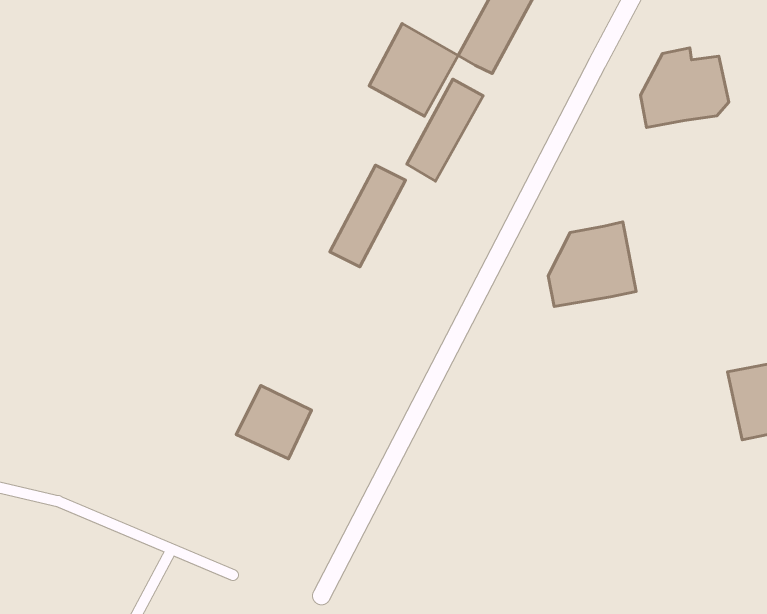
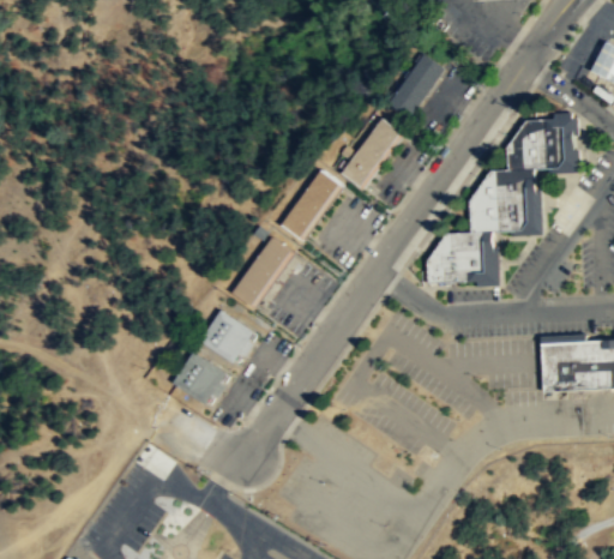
building: [369,23,458,116] -> none
building: none -> [470,168,536,233]
building: none -> [231,238,291,306]
building: none -> [171,351,225,404]

